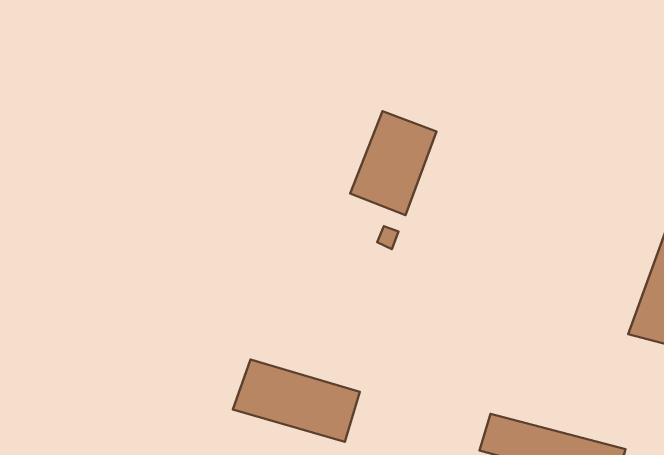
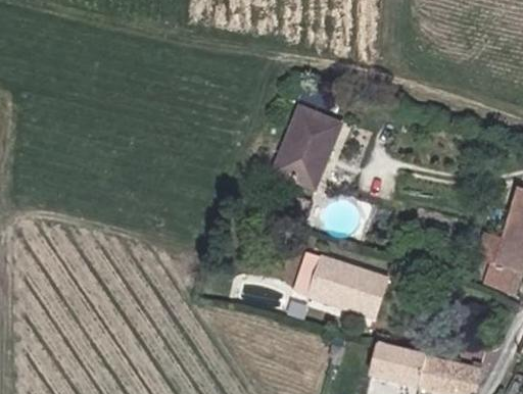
building: [233,359,360,442] -> [290,255,386,317]

